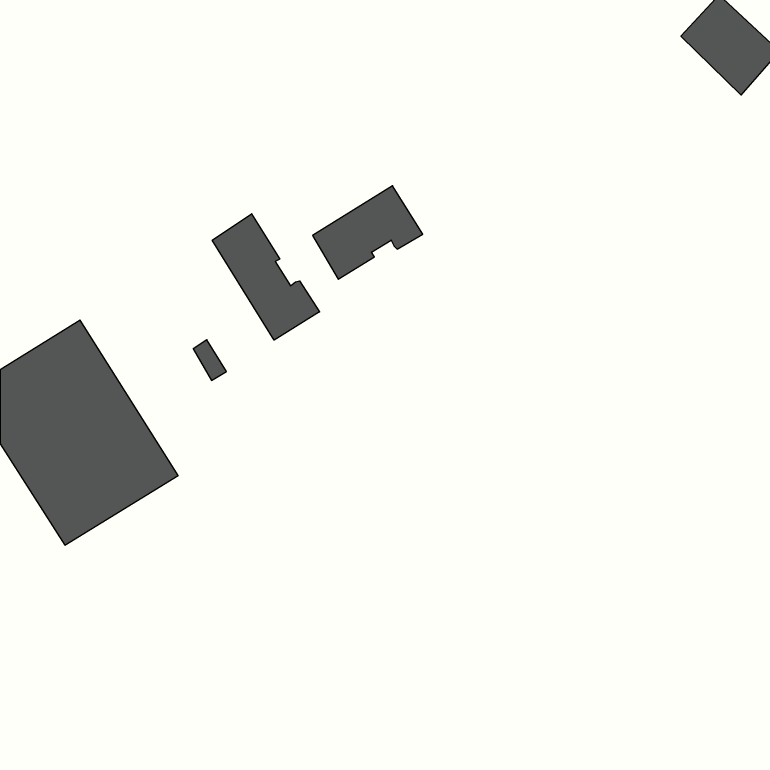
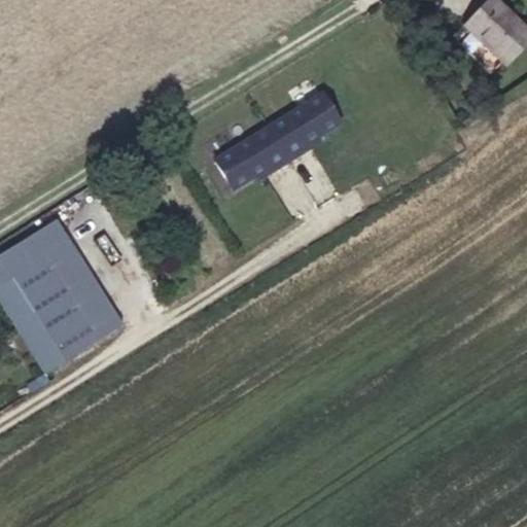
building: none -> [269,93,341,160]
building: [212,214,320,340] -> none

